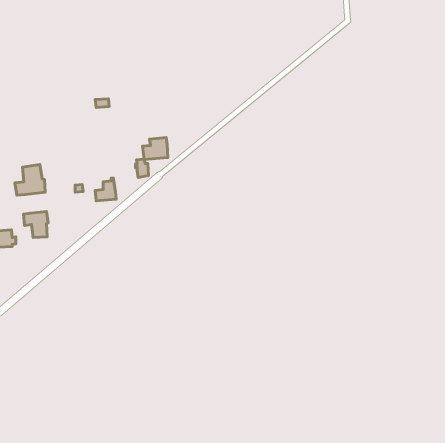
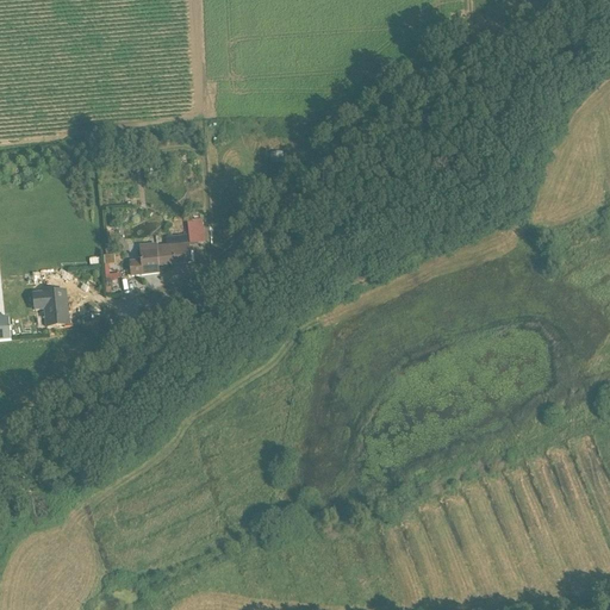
building: [143,138,168,159] -> [155,232,189,262]
building: [15,164,45,195] -> none

